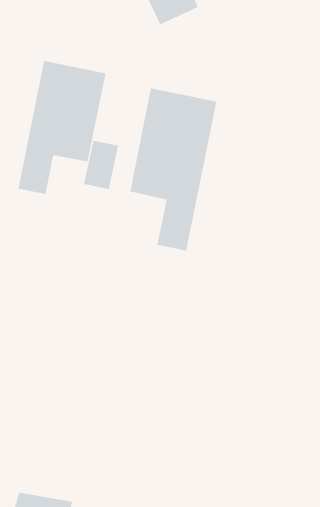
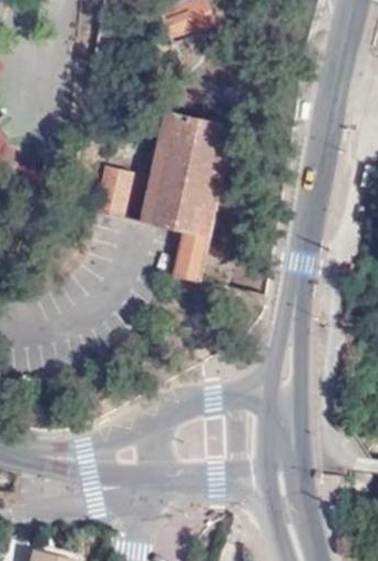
building: [18,60,106,195] -> none

